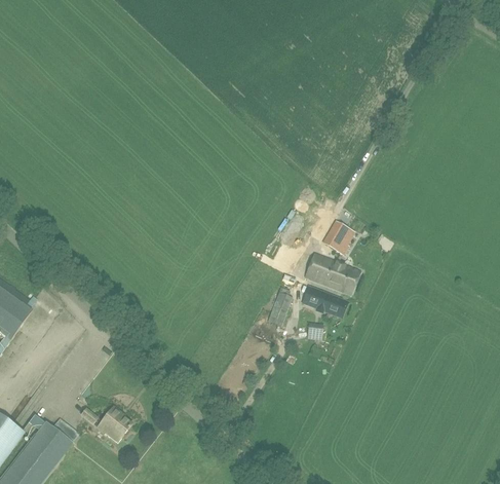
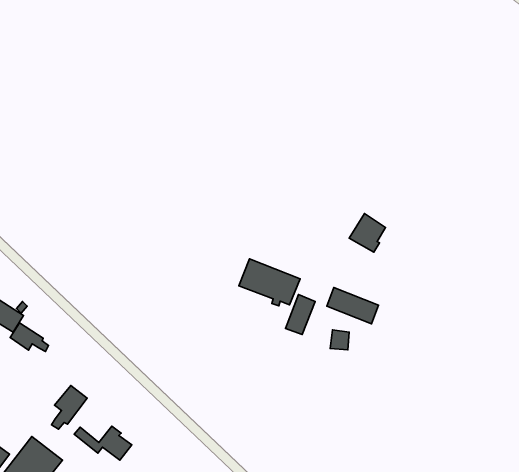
building: [306,254,359,295] -> [239,259,300,306]
building: none -> [10,323,48,351]
building: none -> [52,385,87,429]

